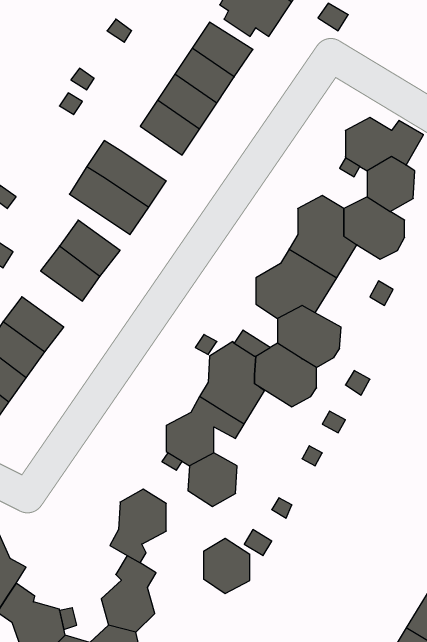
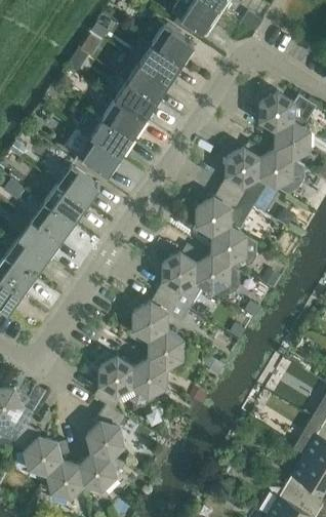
building: none -> [103,98,145,137]
building: none -> [31,201,74,241]
building: [204,538,250,593] -> [133,357,166,396]

